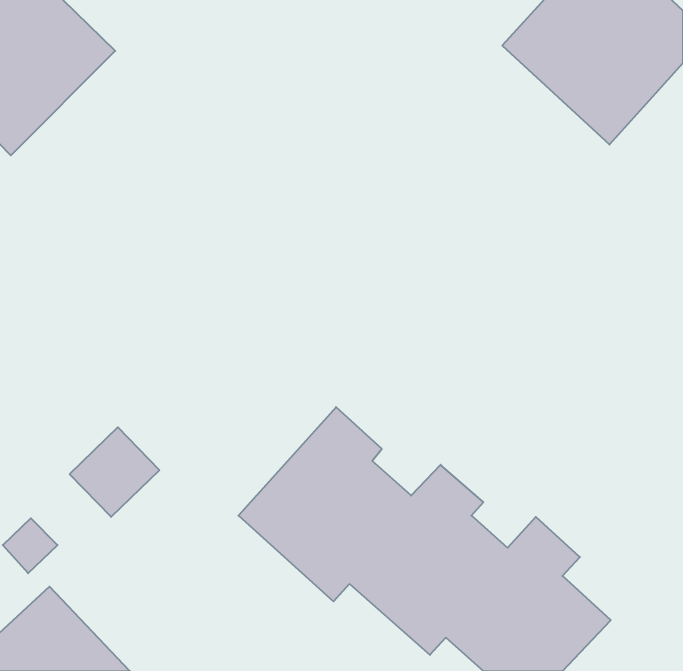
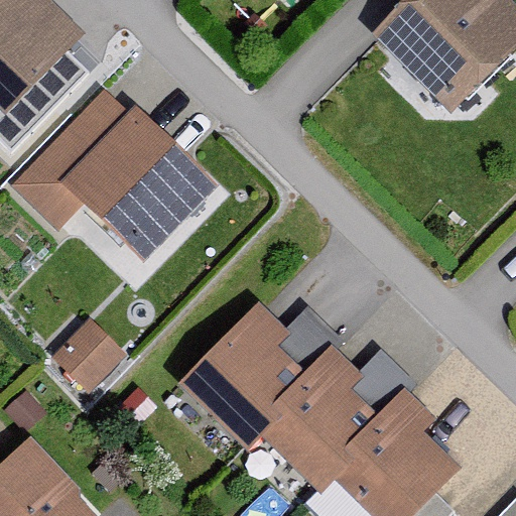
building: none -> [6,88,222,265]

